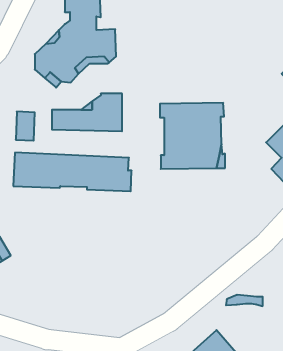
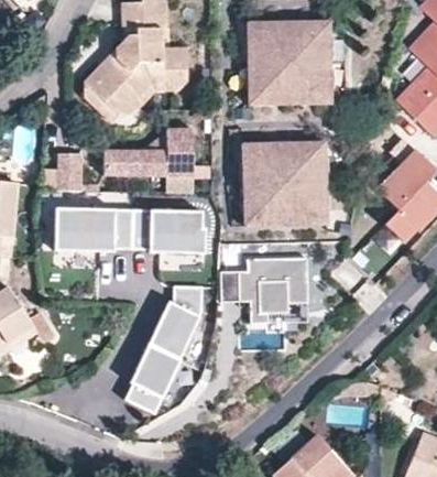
building: none -> [247,18,331,104]
building: none -> [222,257,309,323]
building: none -> [124,285,203,413]

